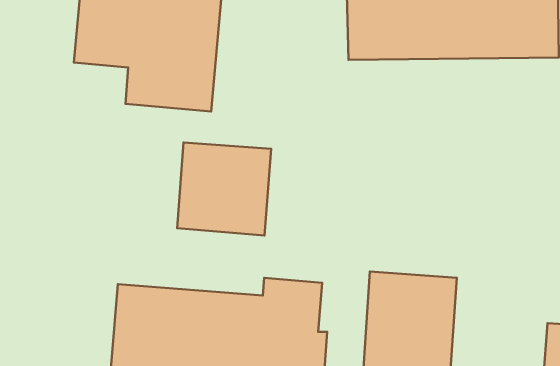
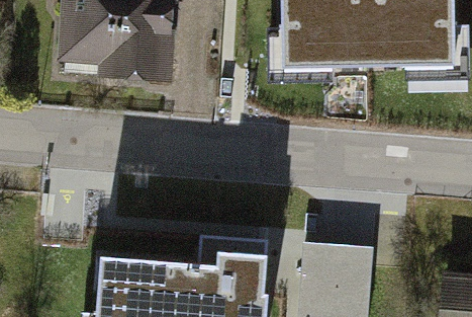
building: [177,143,271,235] -> none

